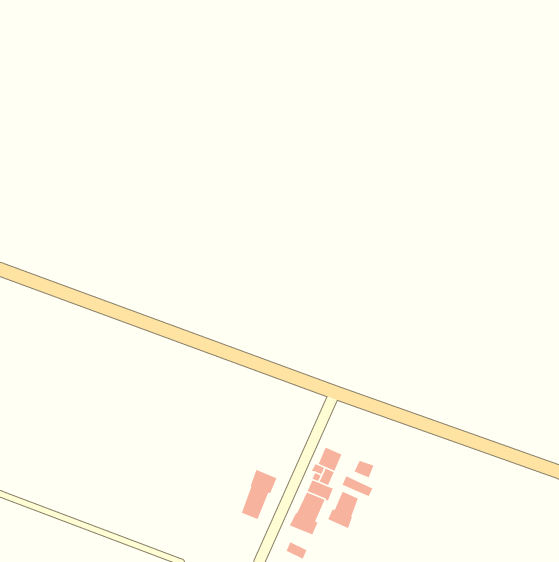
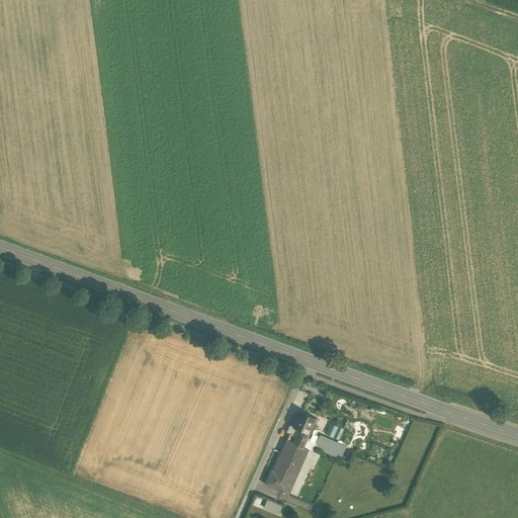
building: [241,469,277,520] -> none
building: [327,491,359,529] -> none

